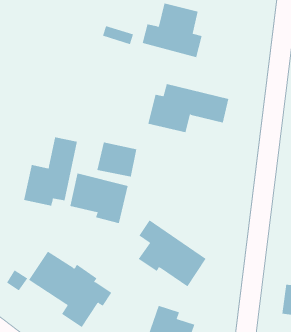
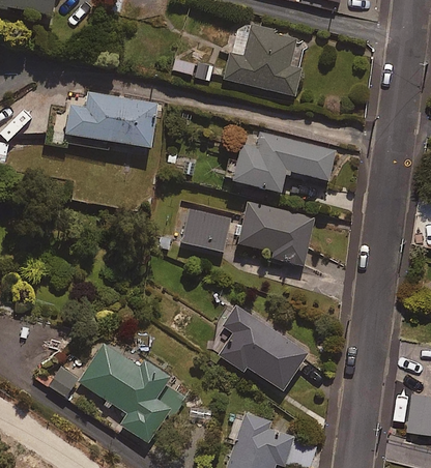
building: none -> [50,87,159,150]
building: [23,136,77,207] -> none
building: [69,173,128,224] -> [239,201,315,266]

